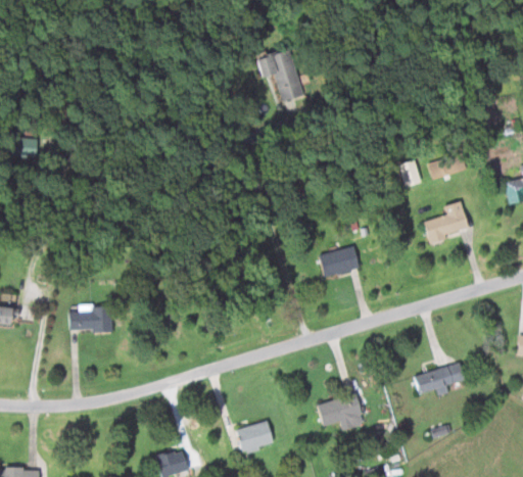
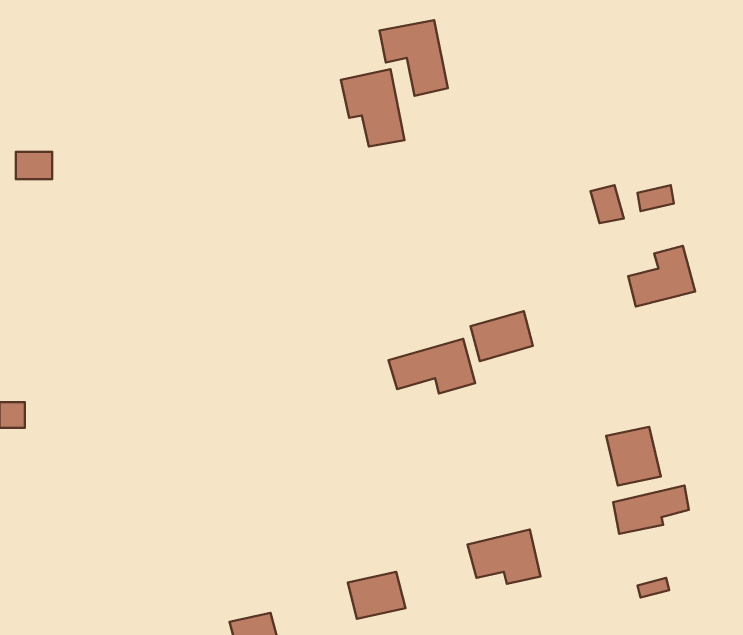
building: none -> [341,69,405,146]
building: none -> [389,339,475,393]
building: [68,305,112,332] -> none
building: none -> [606,427,661,485]

